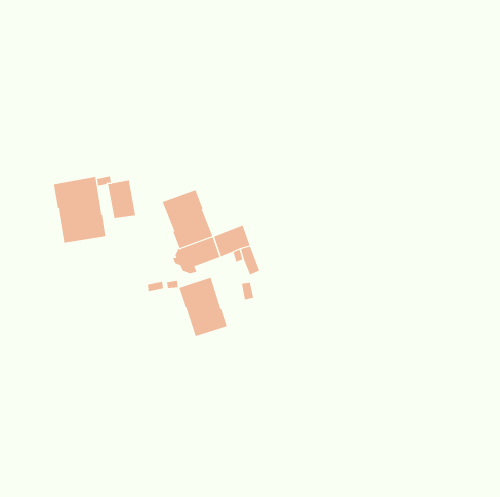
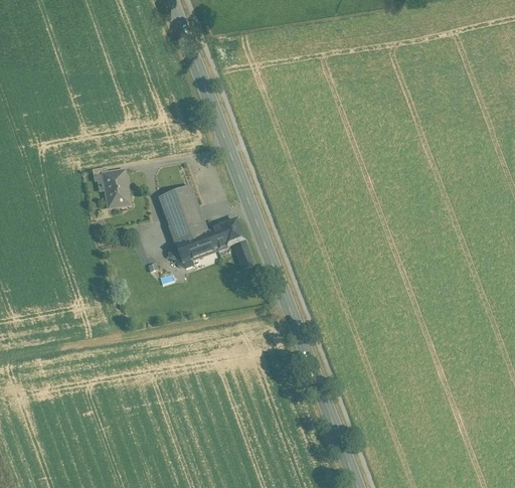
building: [53,176,106,244] -> none
building: [179,277,227,337] -> none

